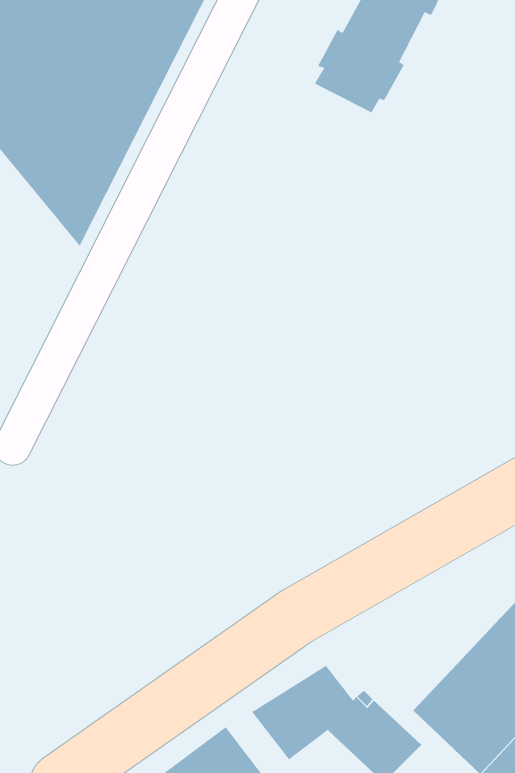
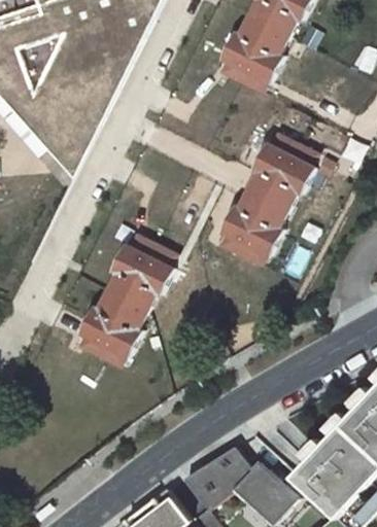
building: none -> [219,139,311,259]
building: none -> [80,238,172,359]

